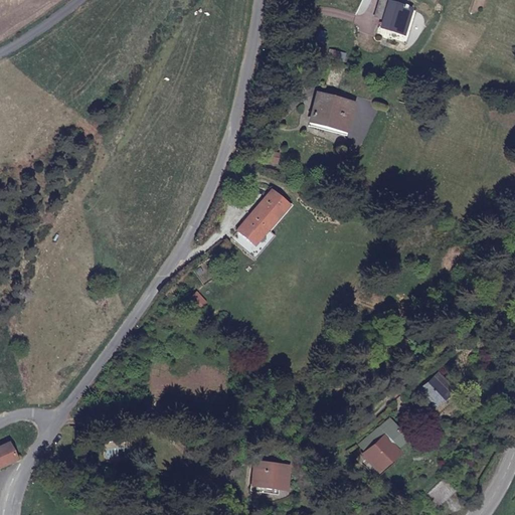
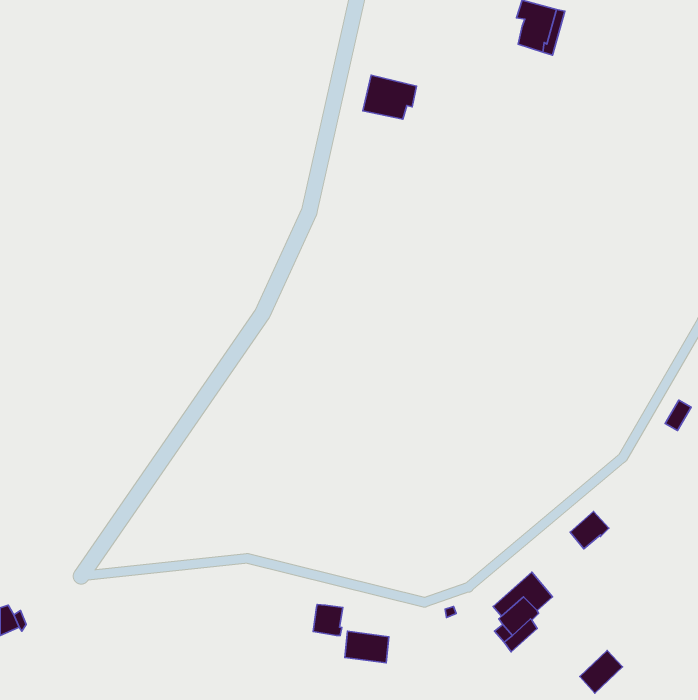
building: [313,95,352,127] -> [363,75,416,119]
building: [237,189,289,243] -> none
building: none -> [313,604,343,636]

